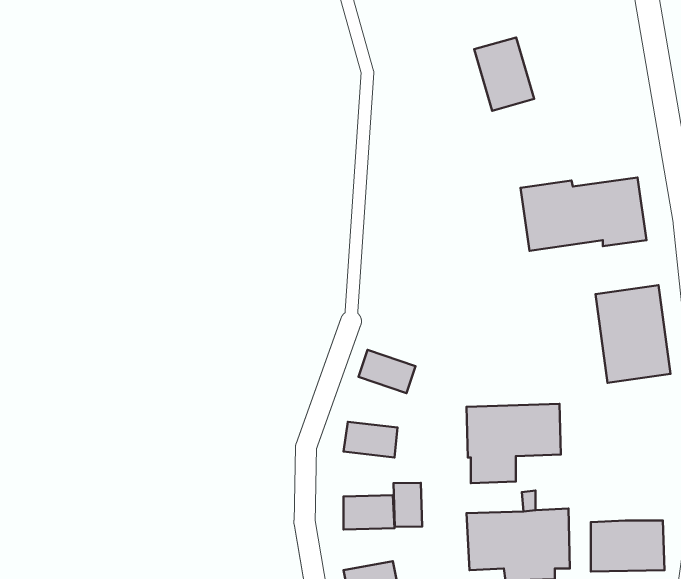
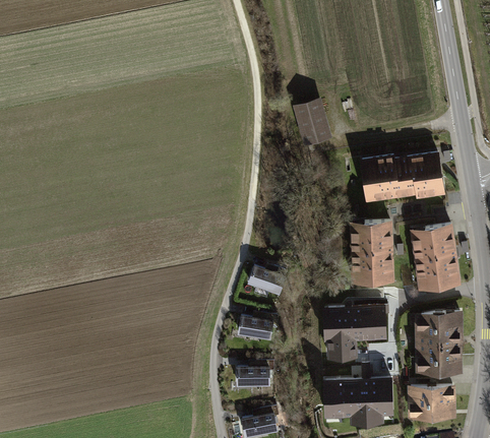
building: [474,37,534,111] -> [291,96,331,145]
building: none -> [348,220,393,281]
building: none -> [413,310,462,372]
building: [393,483,422,527] -> none

